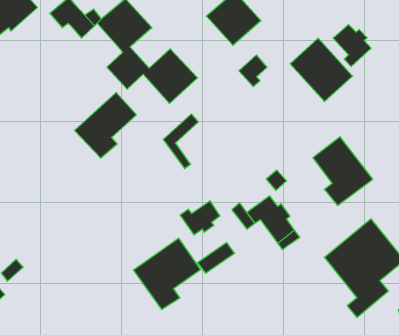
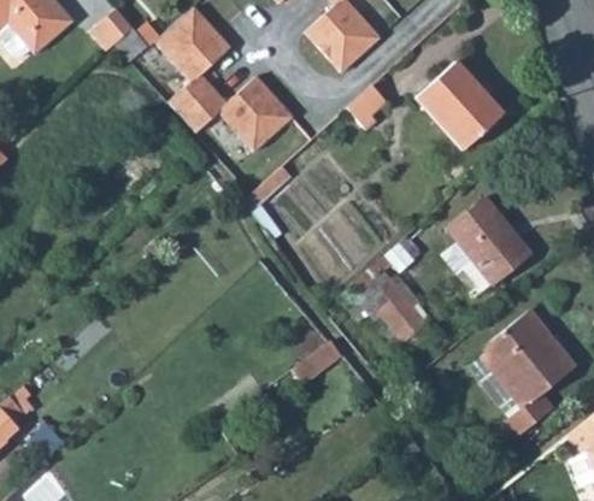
building: [333,25,371,67] -> none
building: [75,92,136,158] -> none
building: [180,201,220,235] -> none
building: [133,238,200,310] -> none

